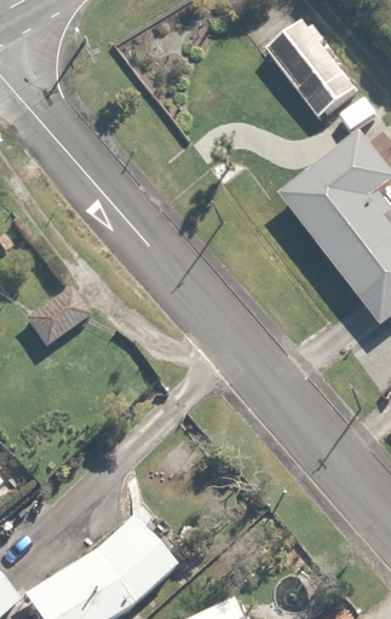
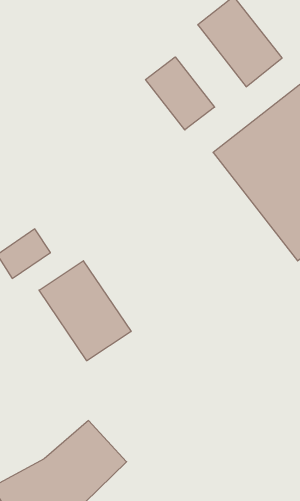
building: none -> [146,57,215,130]
building: none -> [39,261,131,361]

